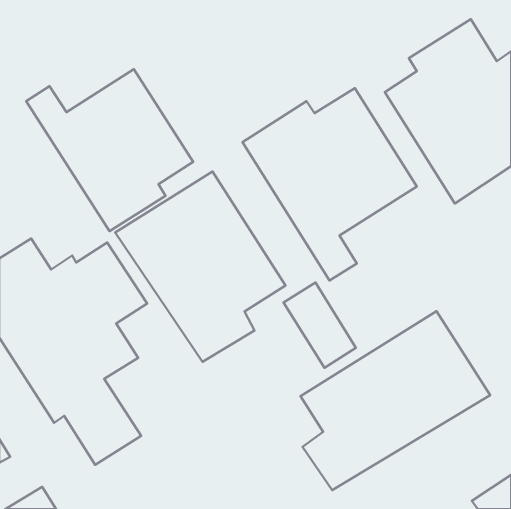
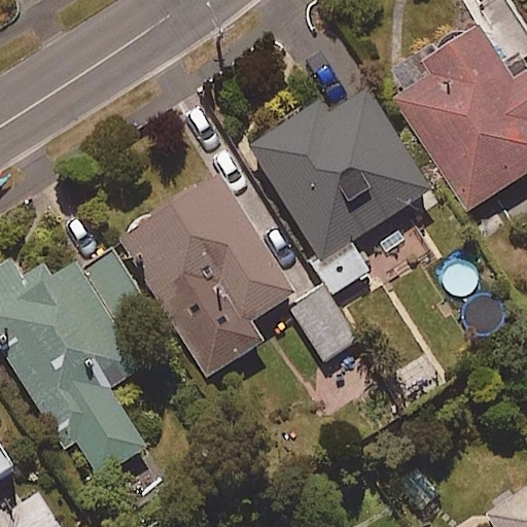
building: [26,69,193,231] -> none
building: [300,311,490,490] -> none

